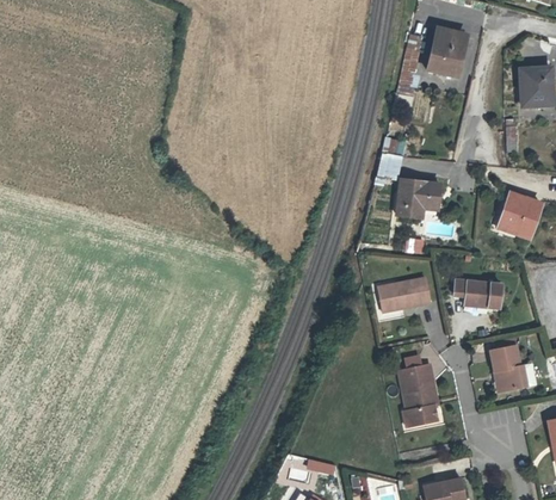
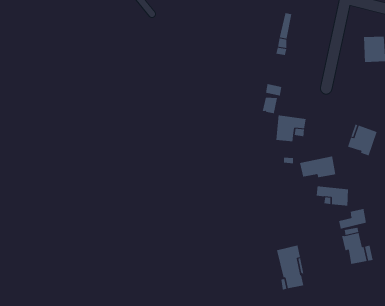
building: [427,29,463,76] -> none
building: [377,278,430,309] -> [299,156,336,178]
building: none -> [339,208,367,229]

